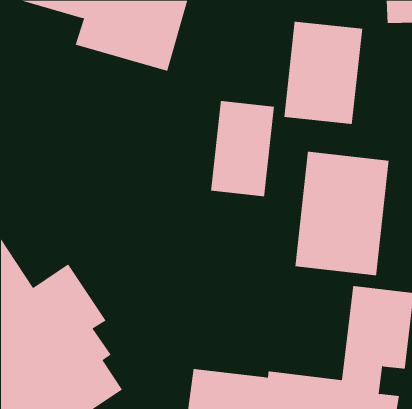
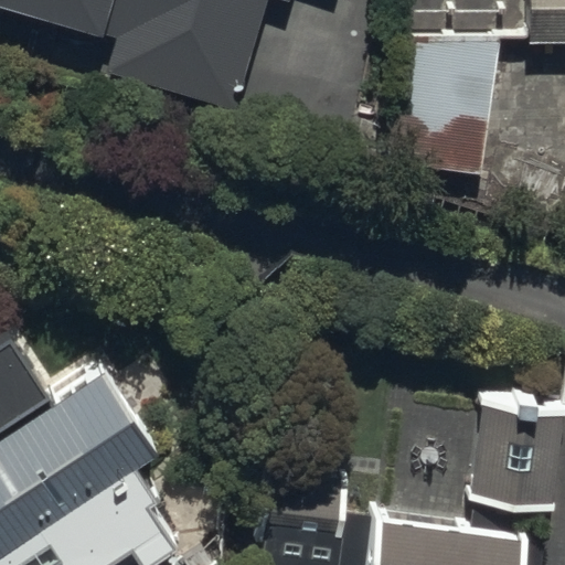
building: [210,100,275,197] -> none
building: [295,151,389,276] -> none

